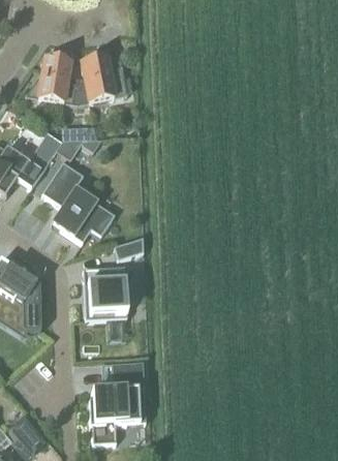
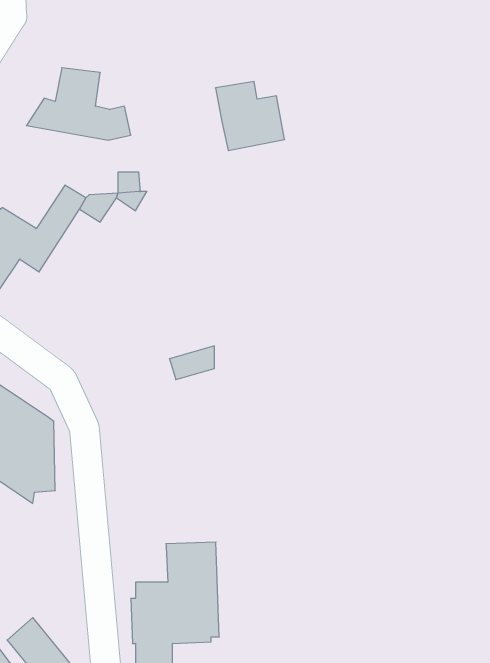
building: [82,57,126,101] -> [215,81,285,151]
building: [42,161,114,241] -> none
building: [85,268,126,319] -> none

